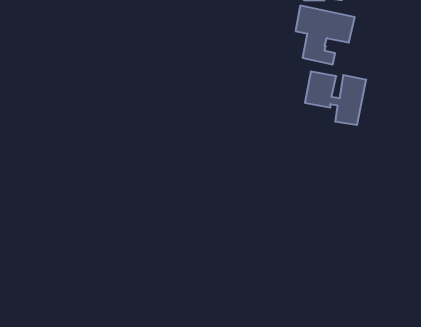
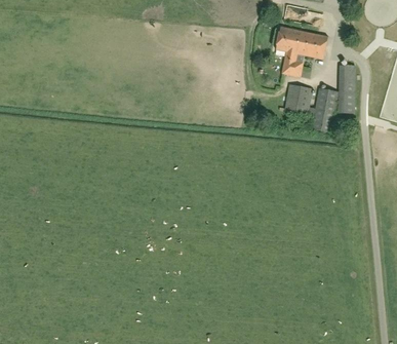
building: none -> [339,65,355,112]

